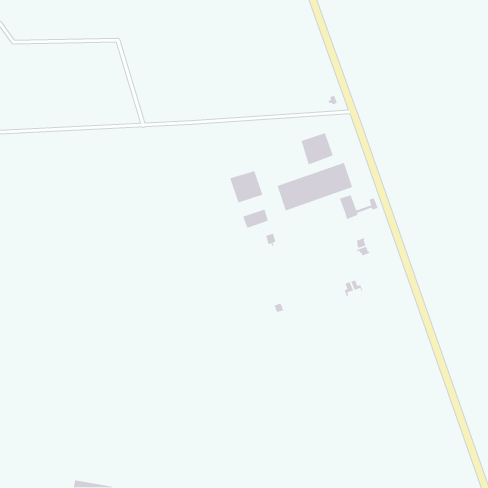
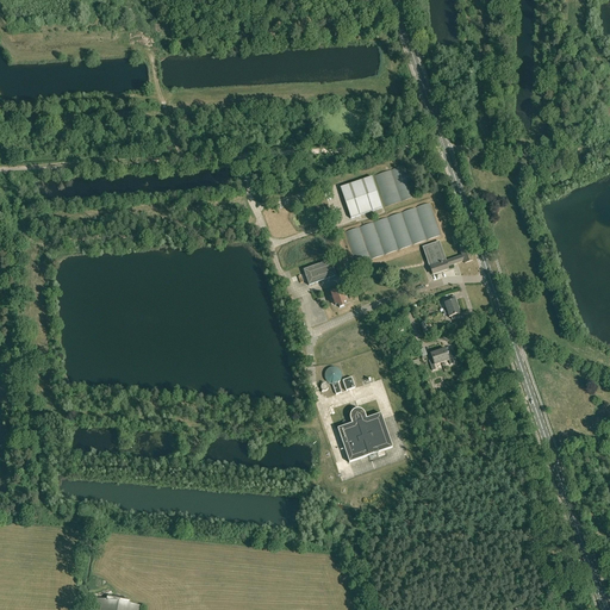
building: [229,170,264,204] -> [338,176,381,218]
building: none -> [336,409,391,462]

